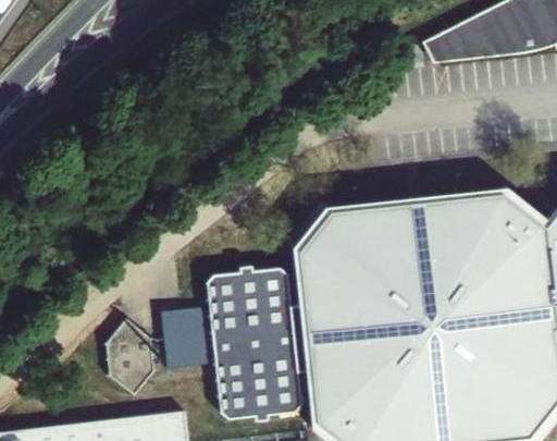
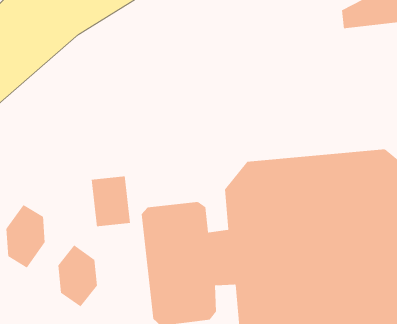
building: none -> [6,204,45,268]
building: [160,304,209,366] -> [91,176,131,227]

